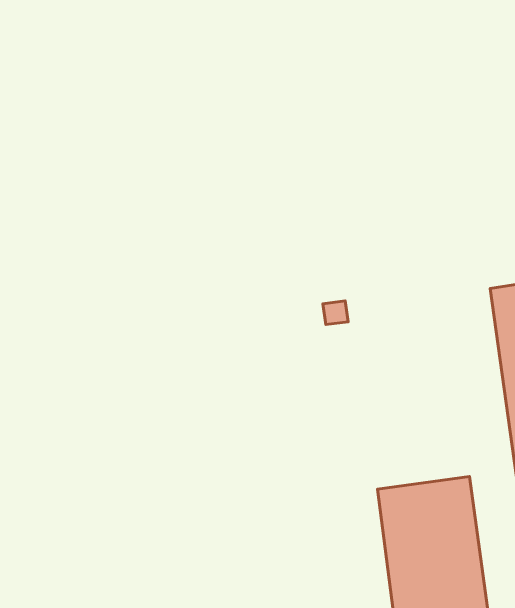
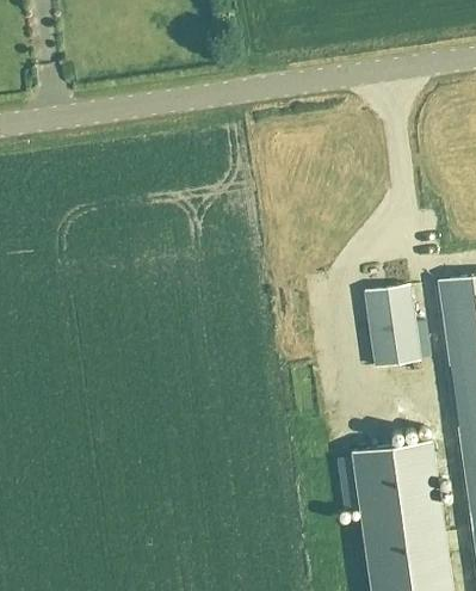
building: none -> [363,287,418,368]

